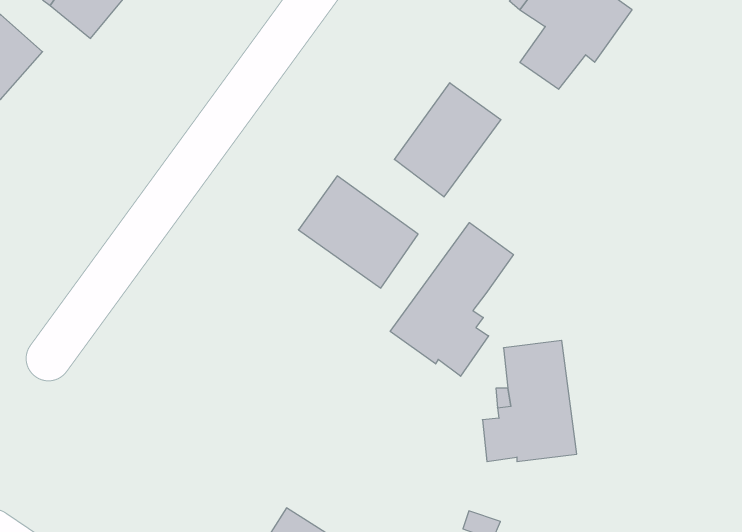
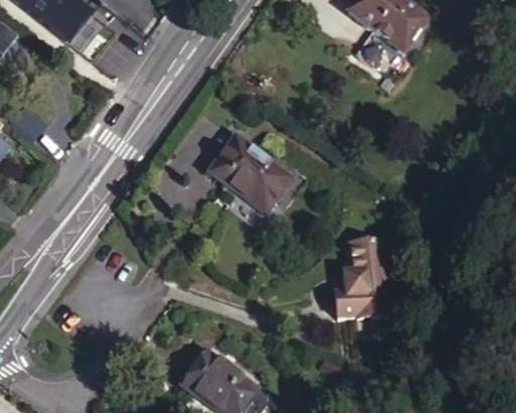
building: [394,83,501,197] -> none
building: [390,223,513,376] -> none

